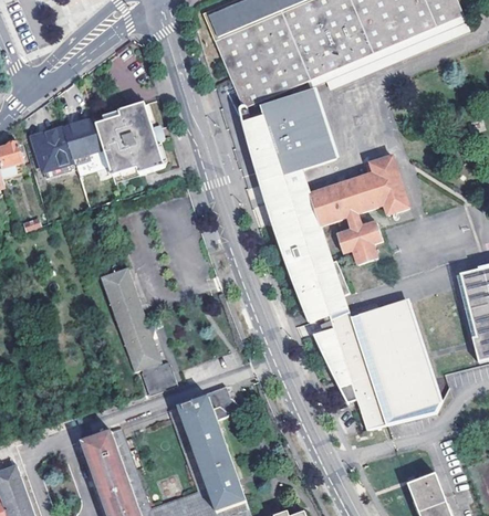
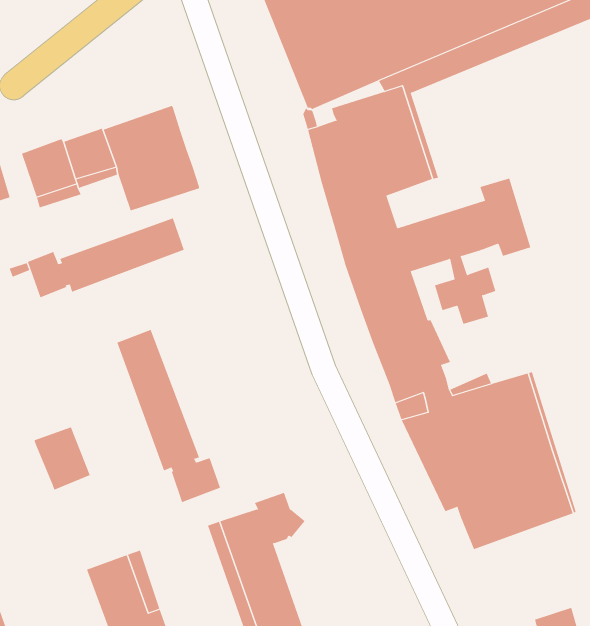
building: none -> [27,218,185,298]
building: none -> [34,426,90,490]

